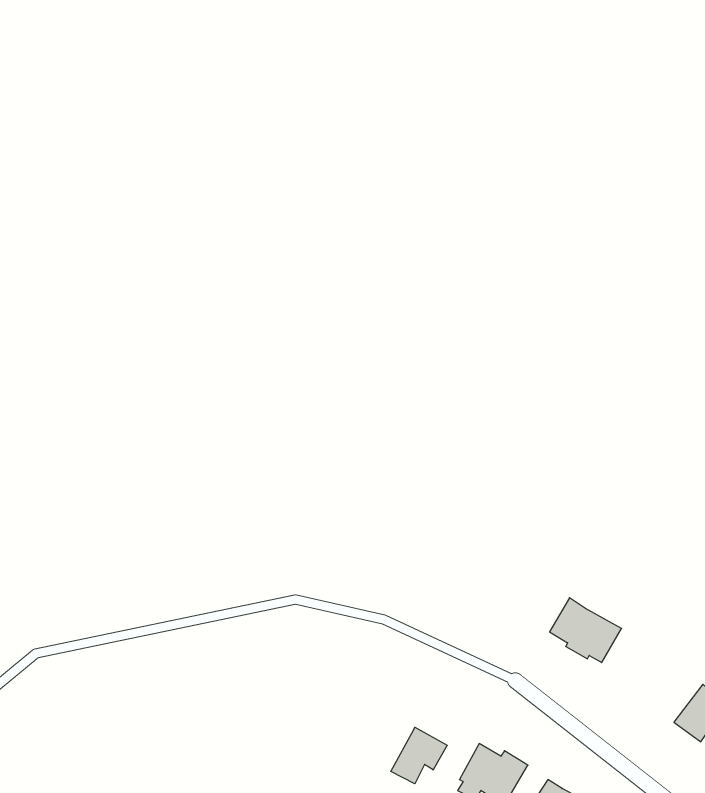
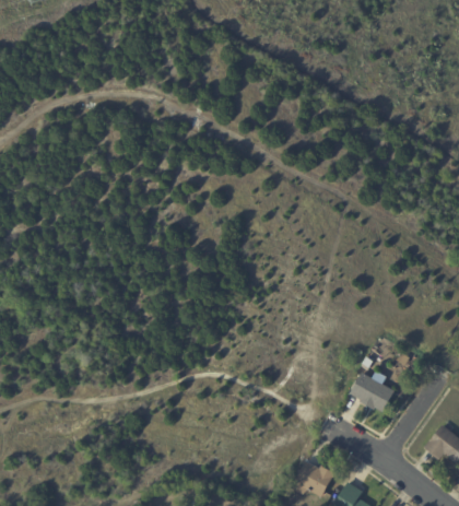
building: [391,727,447,784] -> none

